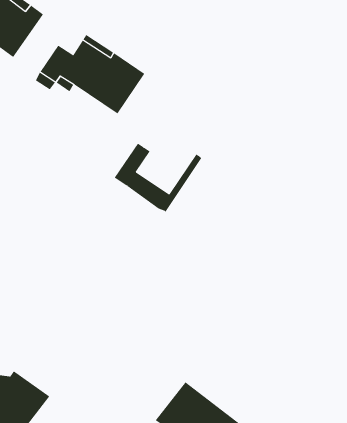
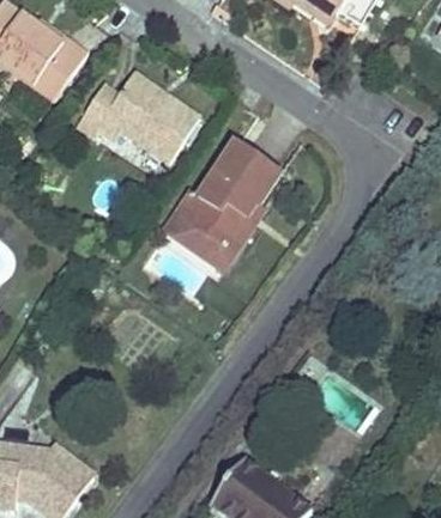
building: none -> [191,144,280,249]

